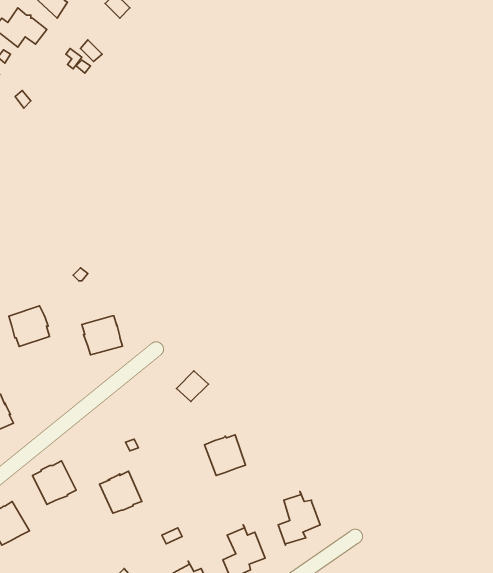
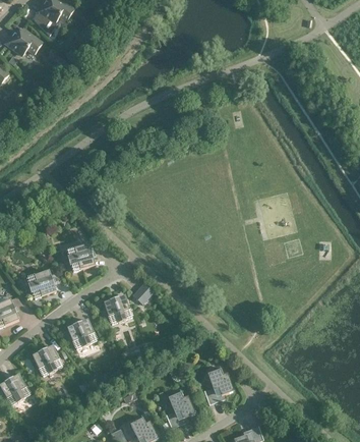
building: [9,306,50,347] -> [26,270,55,298]
building: [205,435,245,475] -> [103,295,131,324]
building: [100,471,142,513] -> [66,319,96,348]

